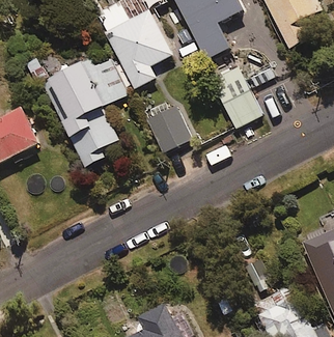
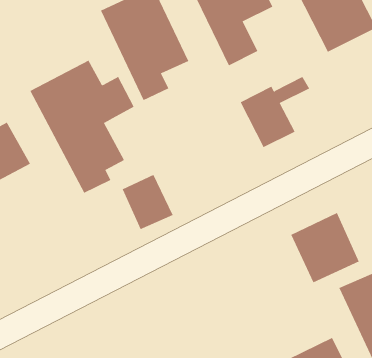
building: [147,105,191,151] -> [122,174,174,230]
building: none -> [290,212,359,283]

